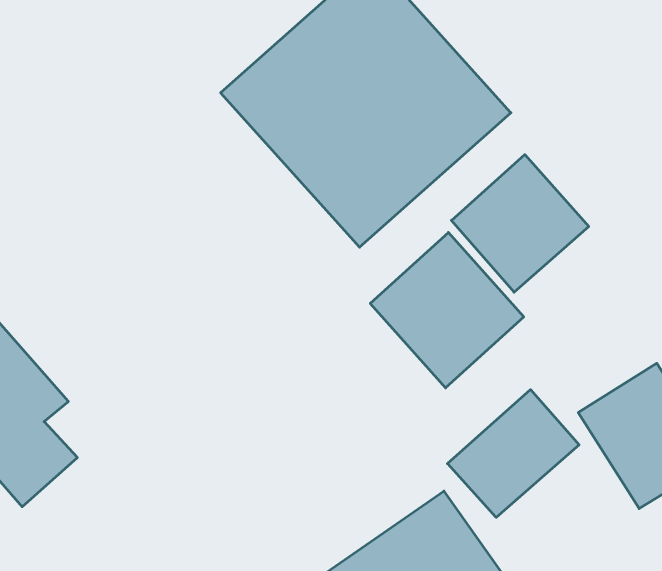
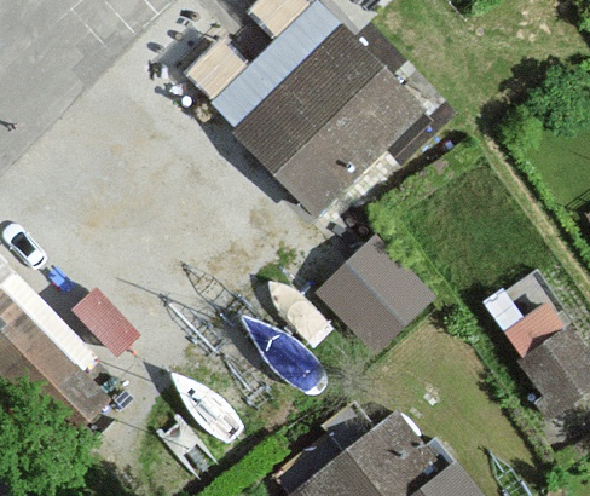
building: [451,155,589,292] -> none
building: [447,390,579,517] -> none

